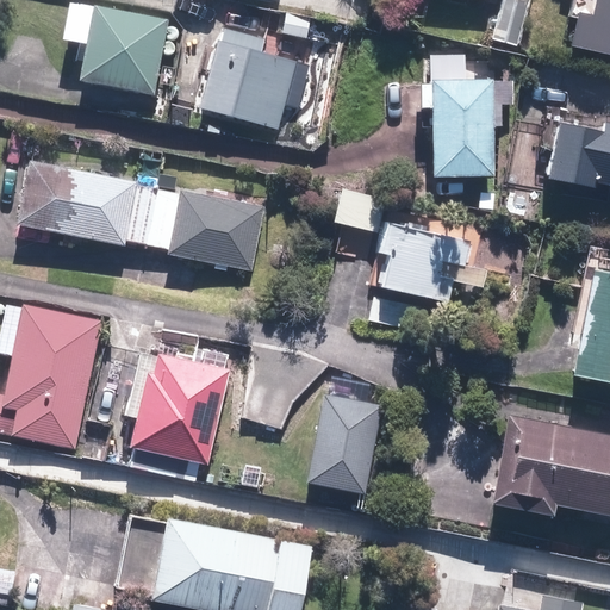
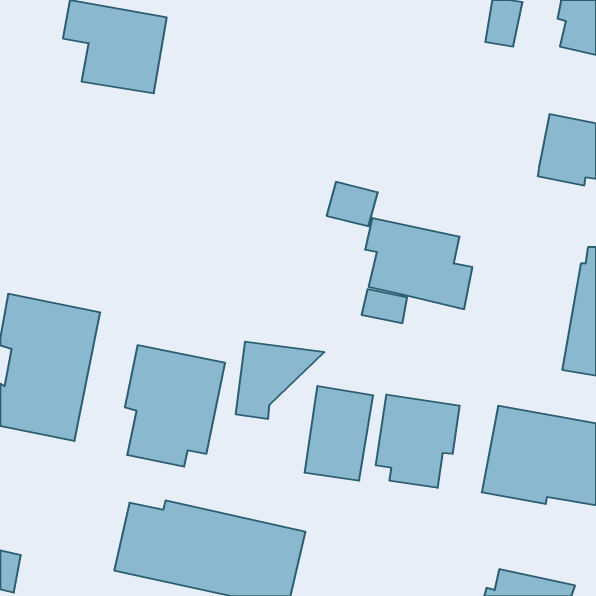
building: [203,27,303,131] -> none
building: [421,54,497,176] -> none
building: [19,161,266,273] -> none
building: none -> [376,394,460,488]

